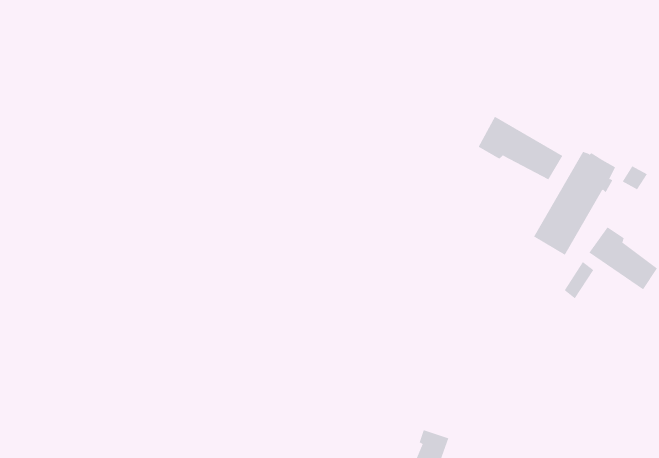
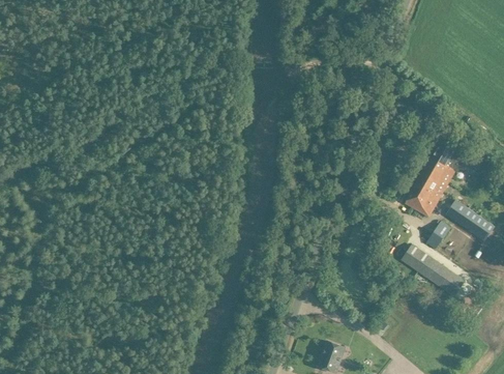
building: [478,116,563,180] -> none
building: none -> [404,247,466,296]

